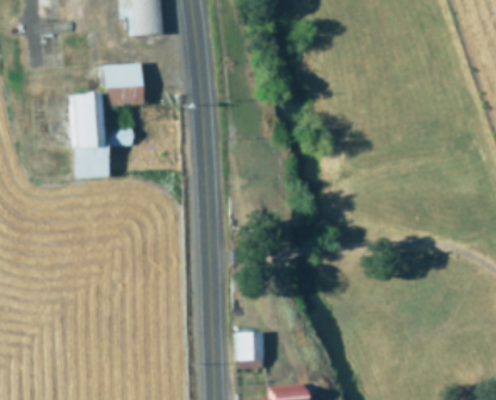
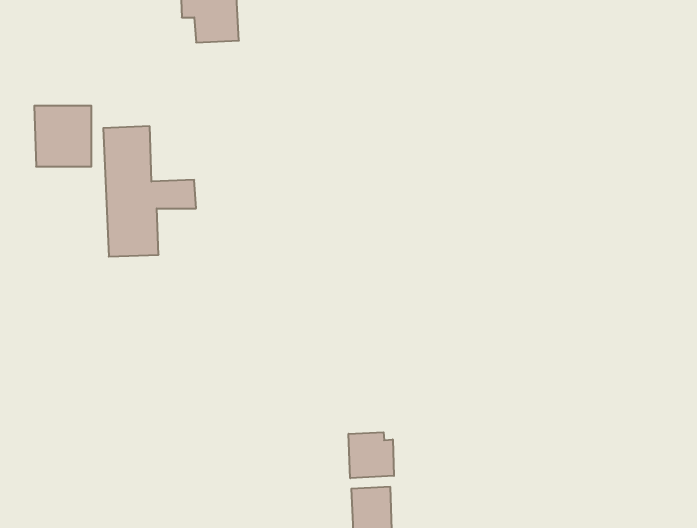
building: [104,64,142,105] -> [34,106,91,167]
building: none -> [349,432,394,478]

